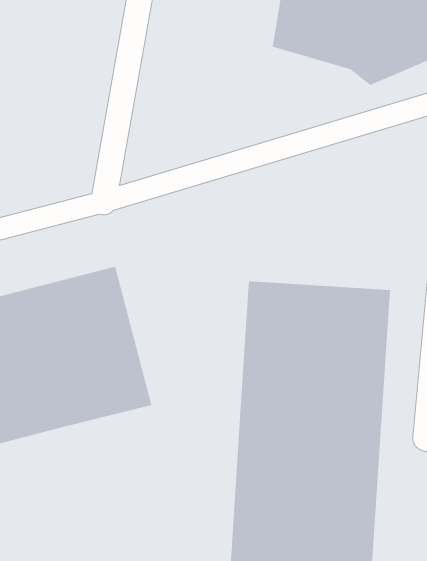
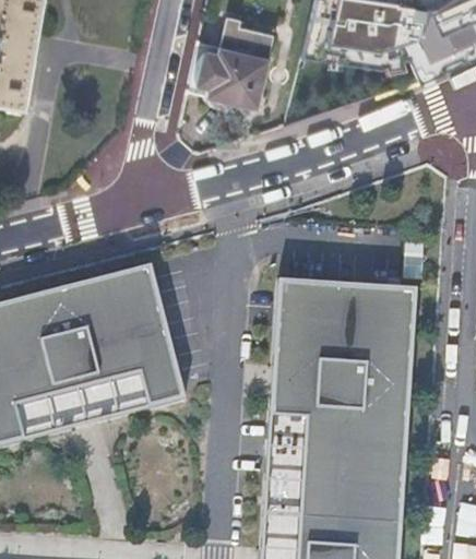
building: none -> [189,13,275,102]

